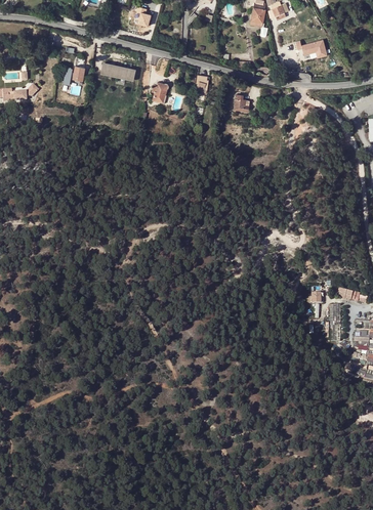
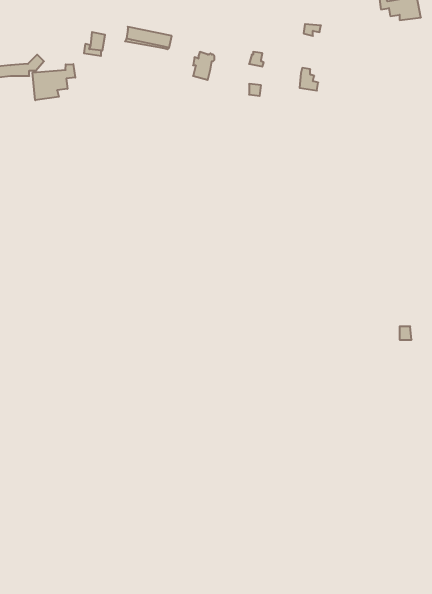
building: none -> [33,64,75,100]

